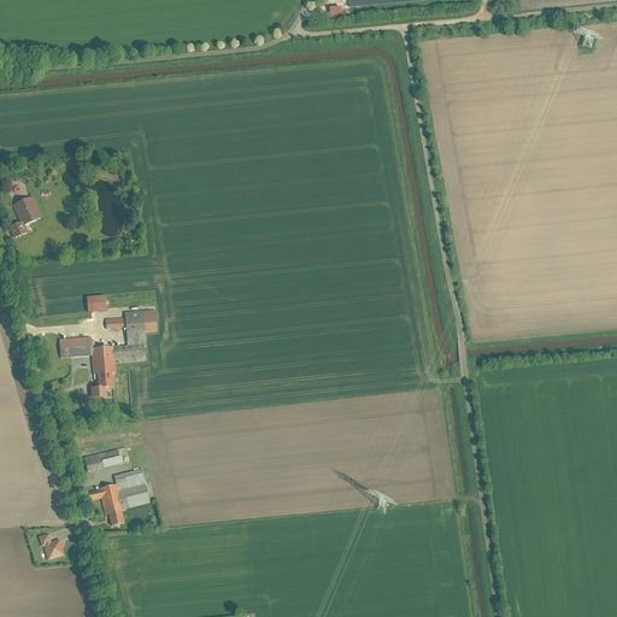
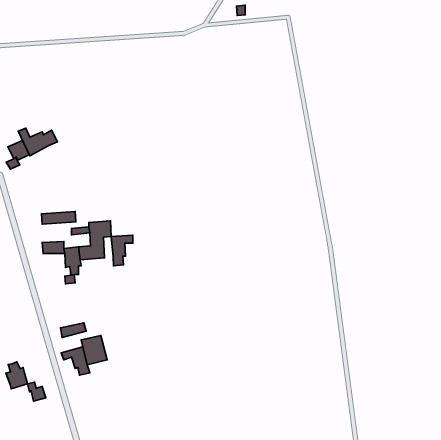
building: none -> [18,128,58,156]
building: none -> [111,235,133,266]
building: none -> [6,362,28,389]

